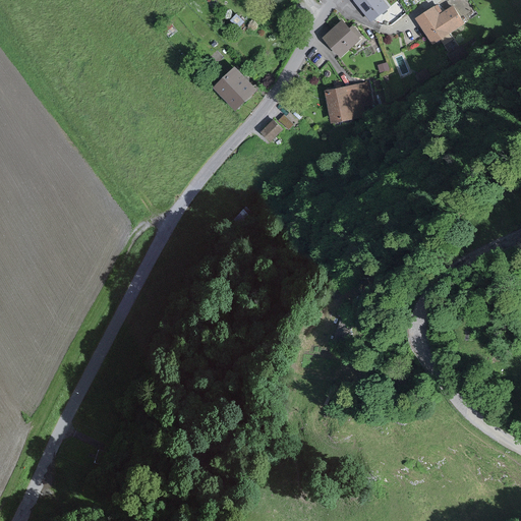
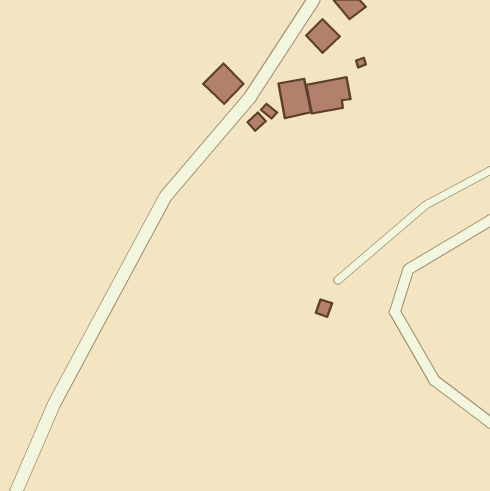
building: [415,5,462,43] -> none
building: none -> [278,79,311,118]

